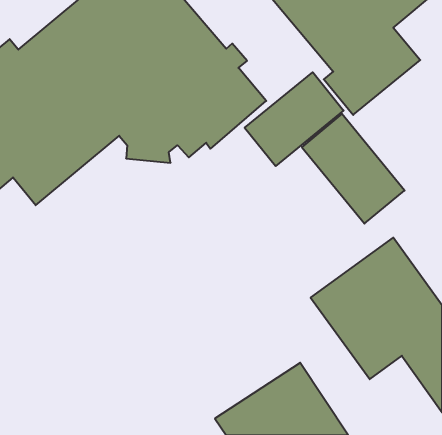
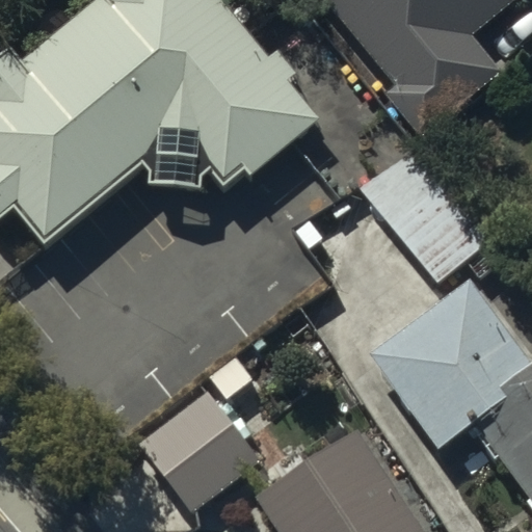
building: [245,72,344,166] -> none
building: none -> [139,392,260,512]

